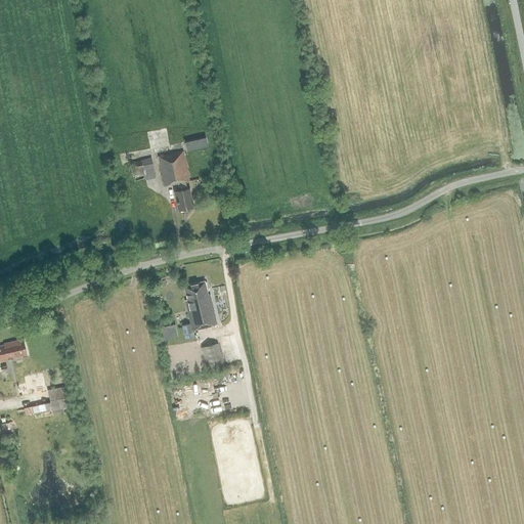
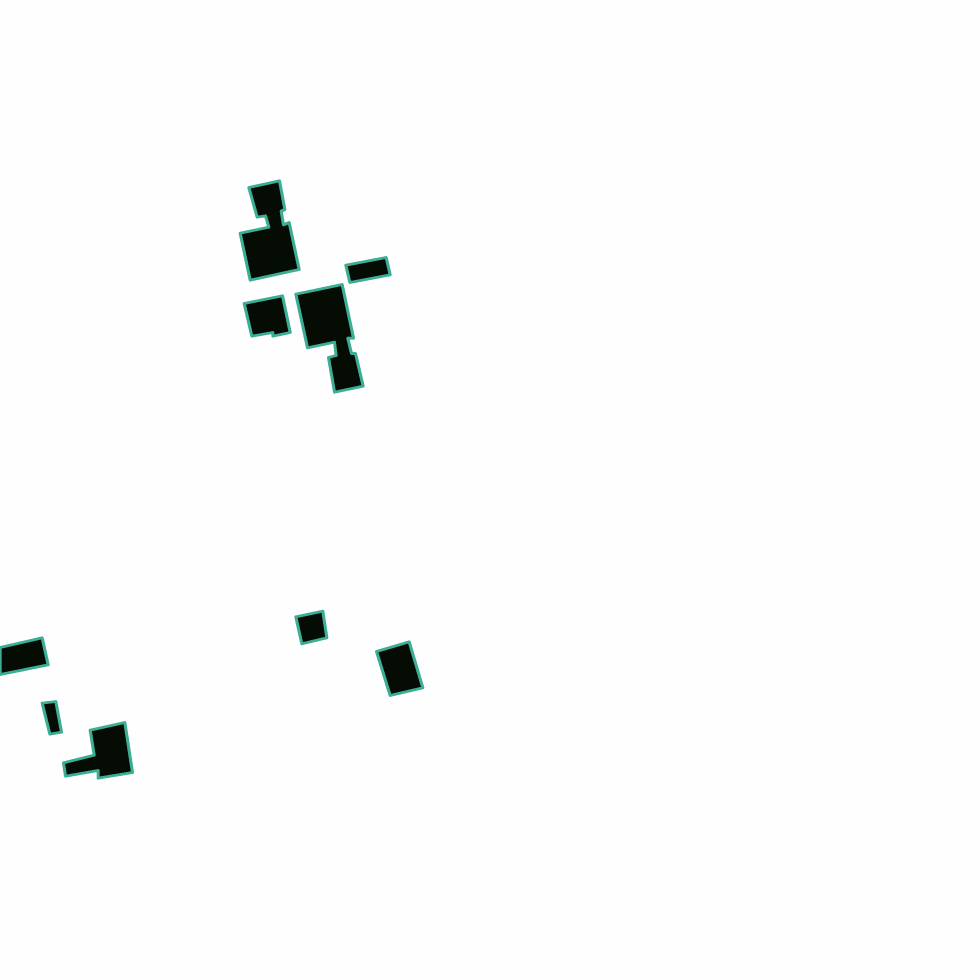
building: none -> [240,181,299,280]
building: [182,280,217,339] -> none

